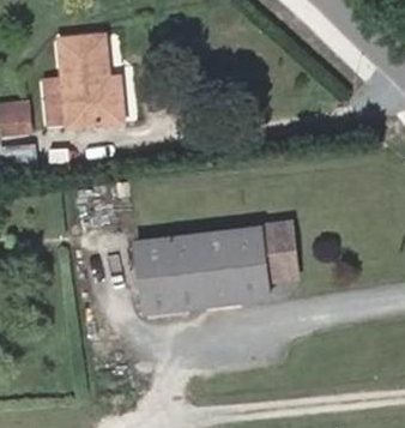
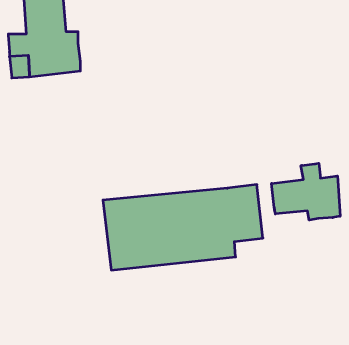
building: none -> [272,163,340,220]

